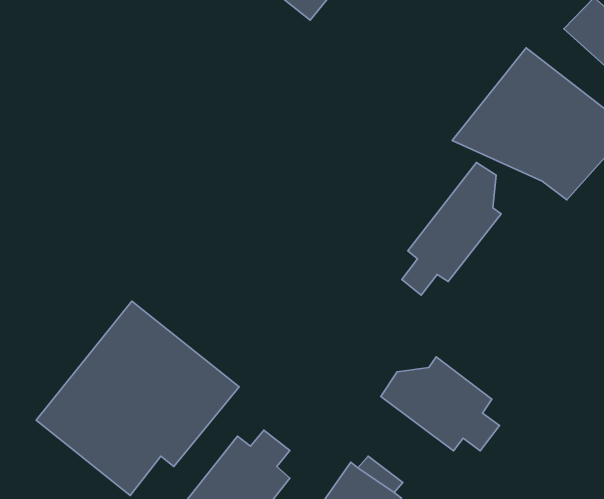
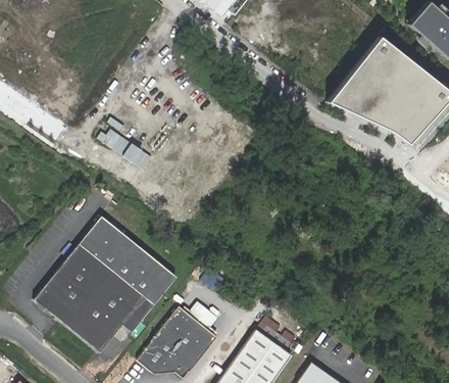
building: [402,162,501,295] -> none
building: [381,357,500,451] -> none

